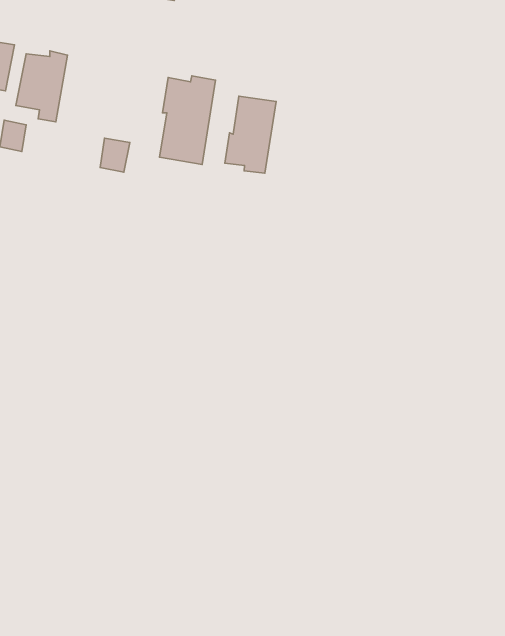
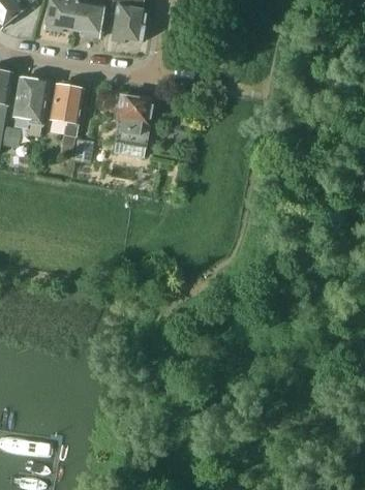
building: none -> [51,81,83,134]
building: [225,96,276,173] -> none

